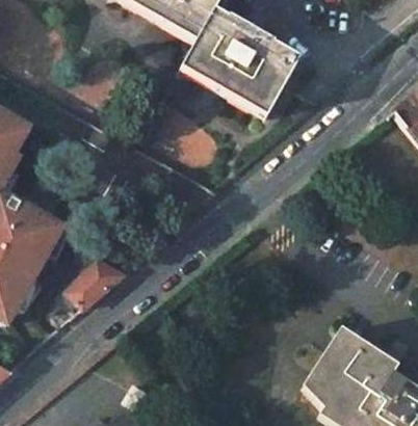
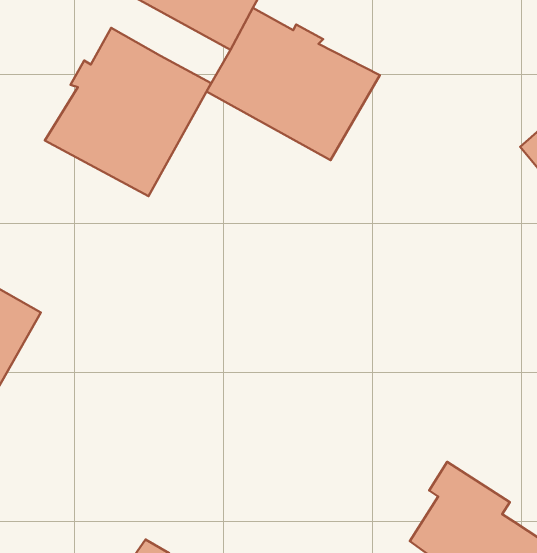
building: none -> [45,28,211,196]
building: [64,261,123,308] -> none

